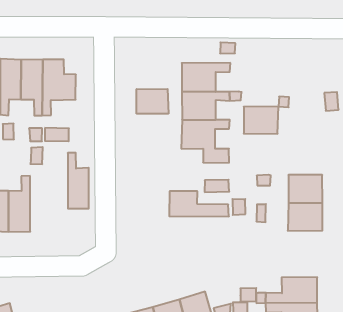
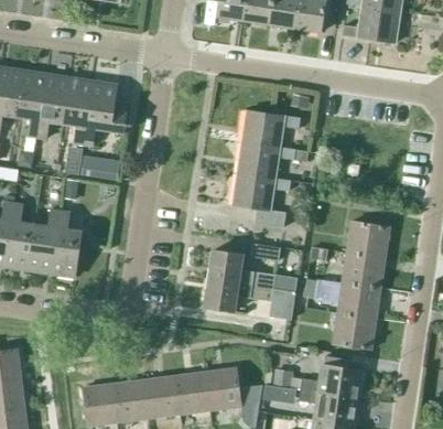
building: [137,89,168,114] -> none
building: [244,107,279,134] -> [347,221,390,256]
building: [68,153,89,209] -> [52,210,82,275]
building: none -> [205,277,295,319]
building: none -> [333,312,376,348]

